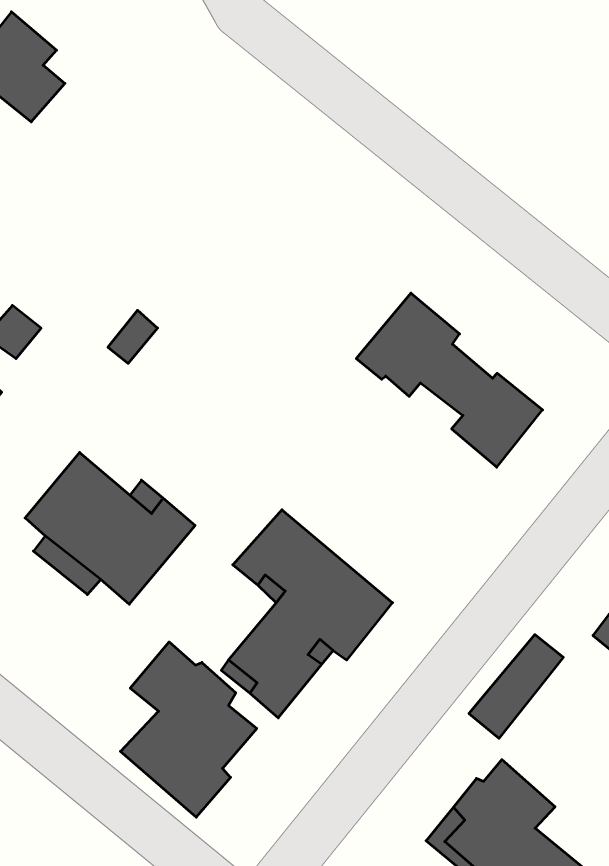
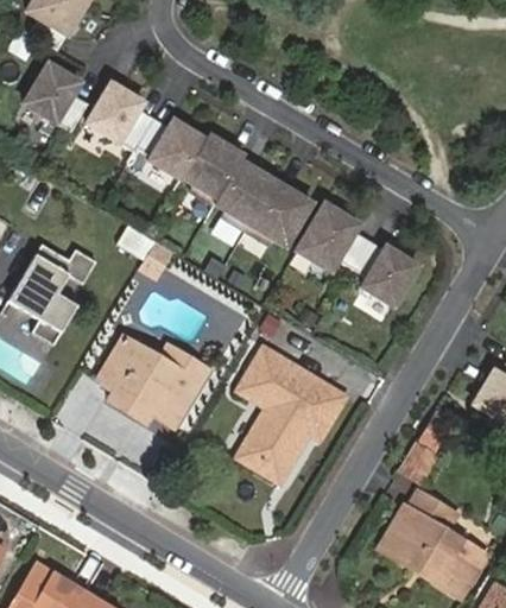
building: none -> [86,82,311,246]
building: [120,642,257,817] -> none

